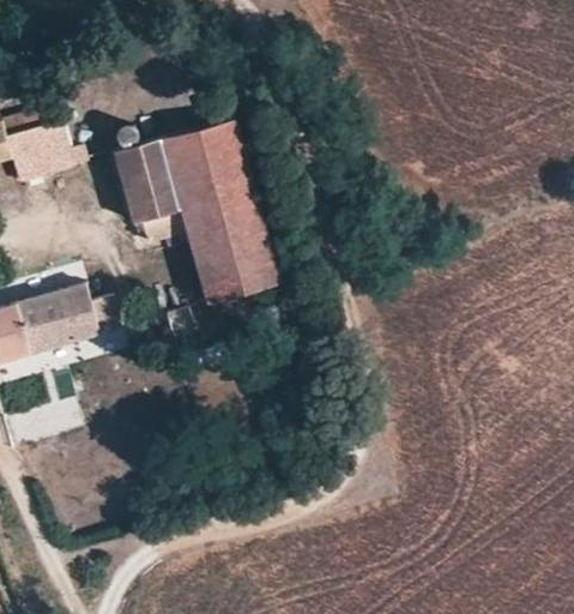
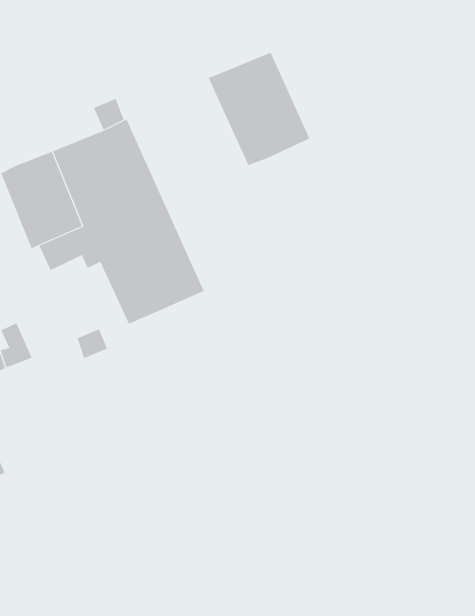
building: none -> [208,52,310,166]

